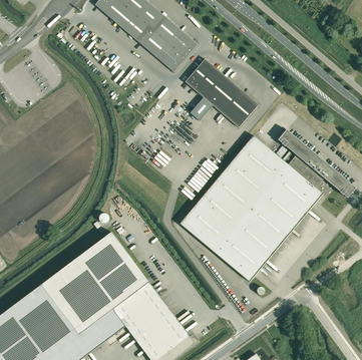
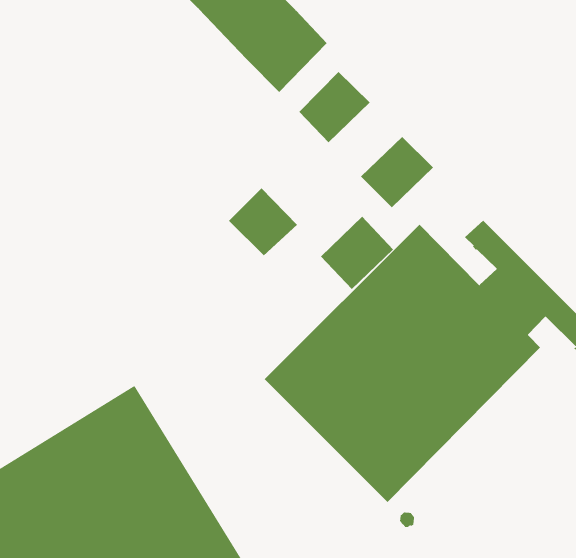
building: [202,73,240,112] -> [320,216,394,290]
building: none -> [228,187,298,256]

